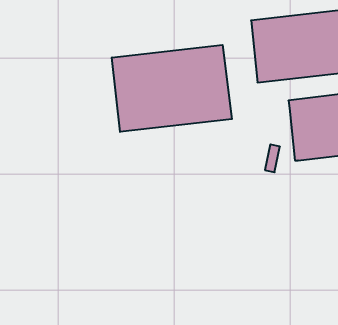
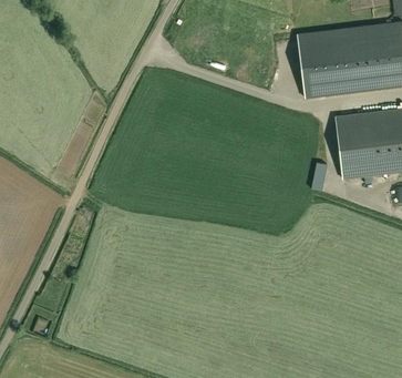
building: [112,45,232,132] -> none

